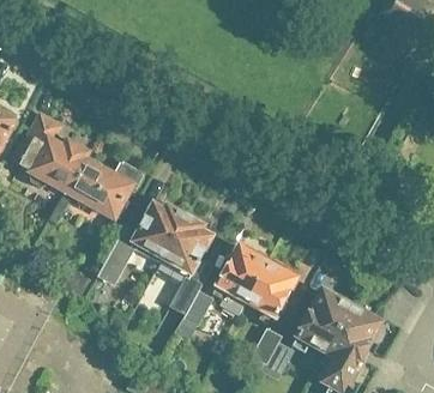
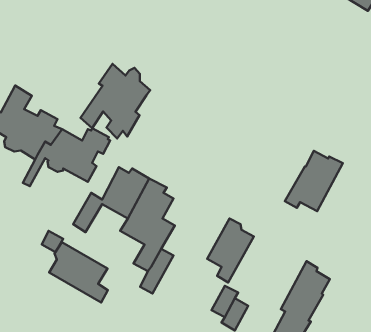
building: none -> [80,64,150,139]
building: [211,244,271,313] -> none
building: none -> [49,242,108,303]
building: [291,290,354,355] -> [285,151,343,211]

